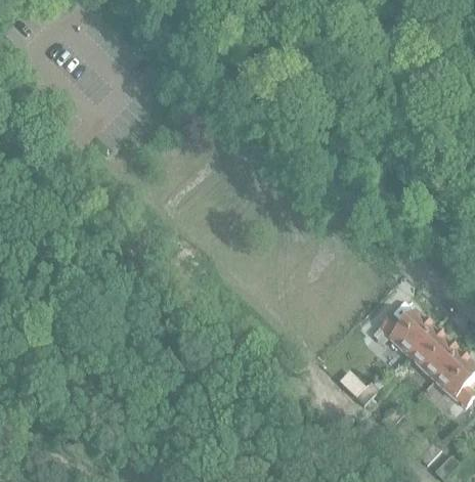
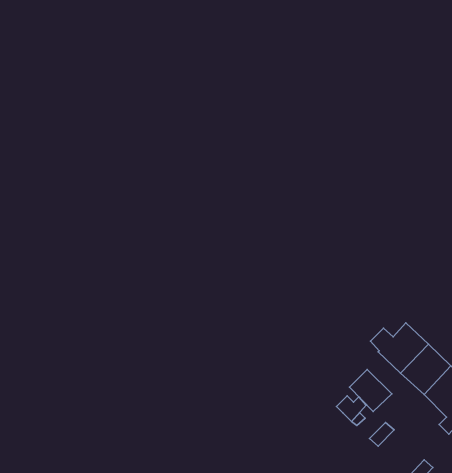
building: none -> [350,370,392,412]

